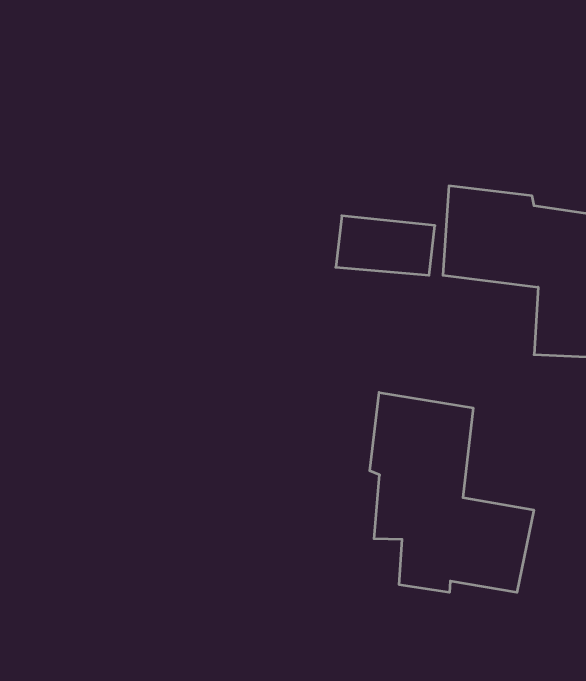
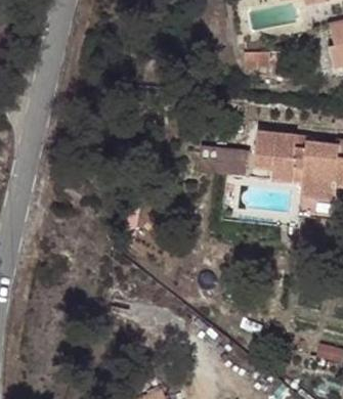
building: [370,392,534,592] -> none

